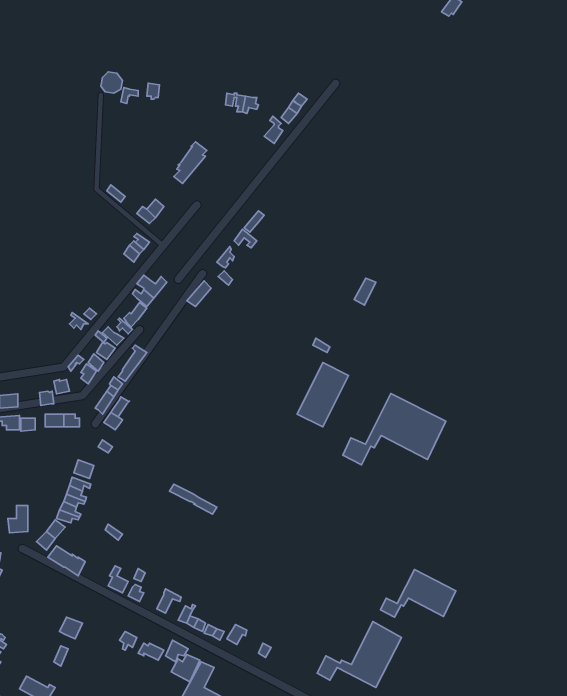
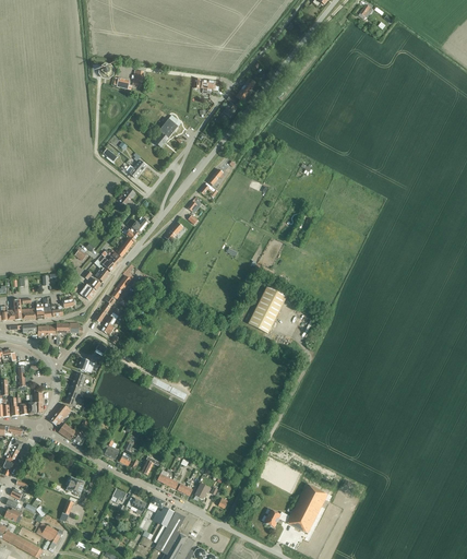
building: [343,394,446,465] -> none
building: [381,570,456,617] -> none

